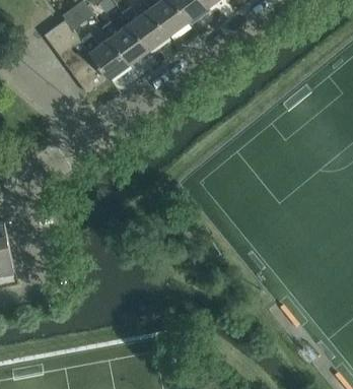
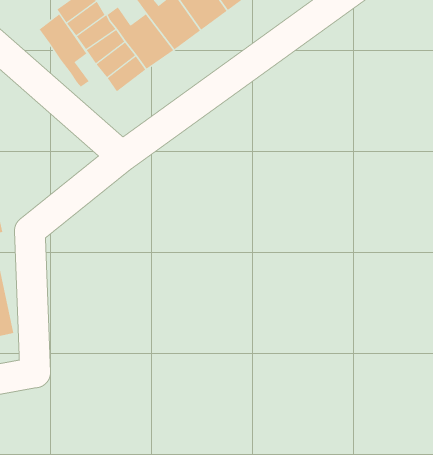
building: none -> [39,13,90,88]

